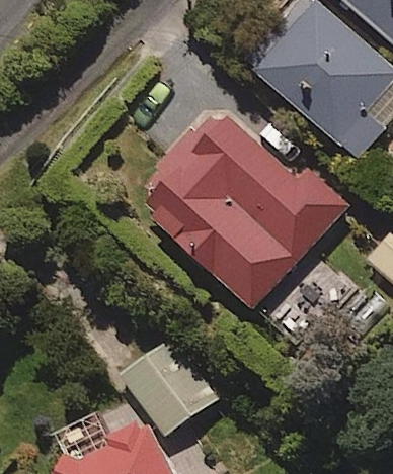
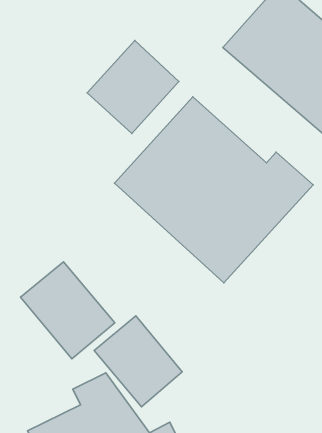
building: none -> [87,41,179,133]
building: none -> [21,262,115,359]

